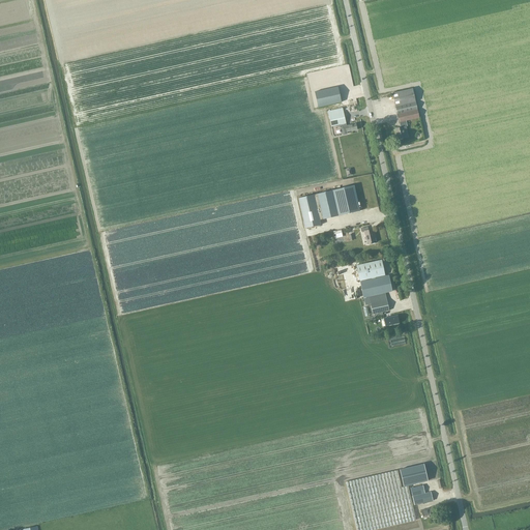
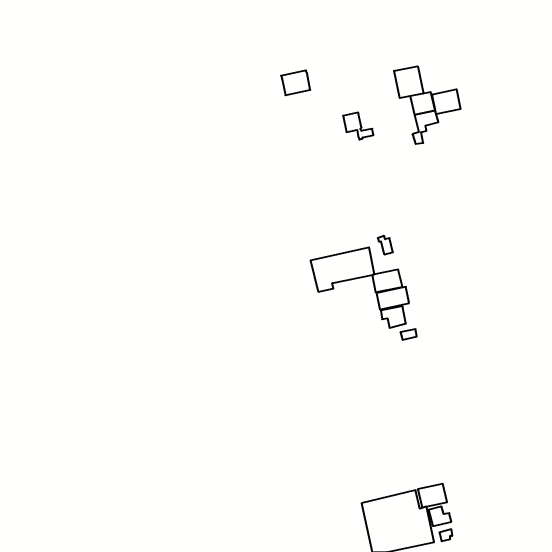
building: none -> [394,66,424,98]
building: [315,83,343,107] -> [281,70,310,95]
building: none -> [432,89,460,114]
building: [299,184,360,227] -> [311,247,374,292]

